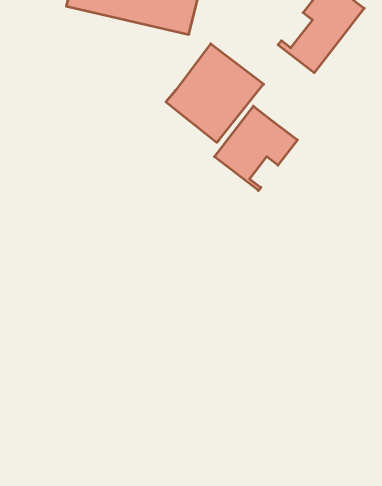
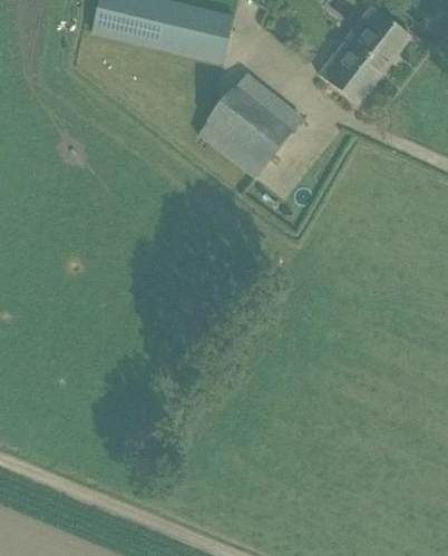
building: [214,106,297,191] -> none

